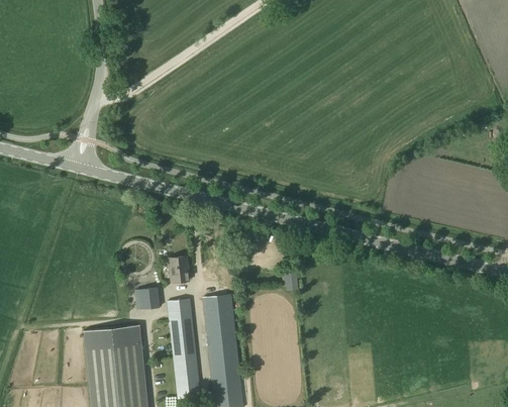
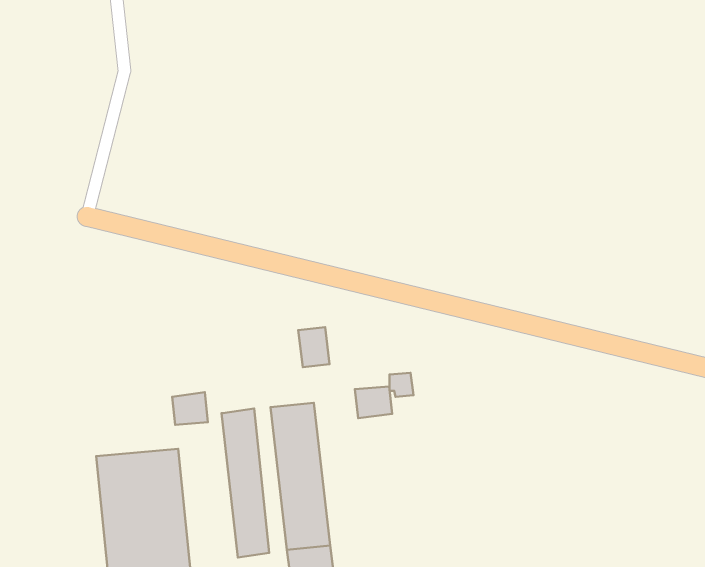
building: [168,256,189,283] -> [298,327,330,367]
building: none -> [355,386,392,418]

